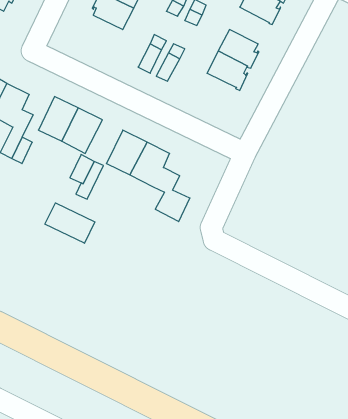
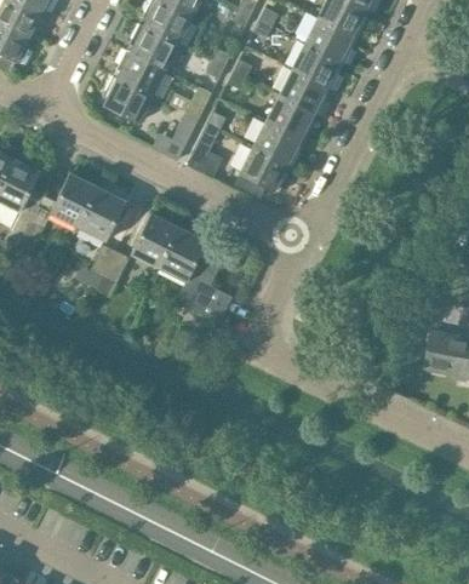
building: none -> [279,68,327,115]
building: none -> [102,75,151,122]
building: none -> [233,147,287,197]
building: [45,203,95,243] -> none

